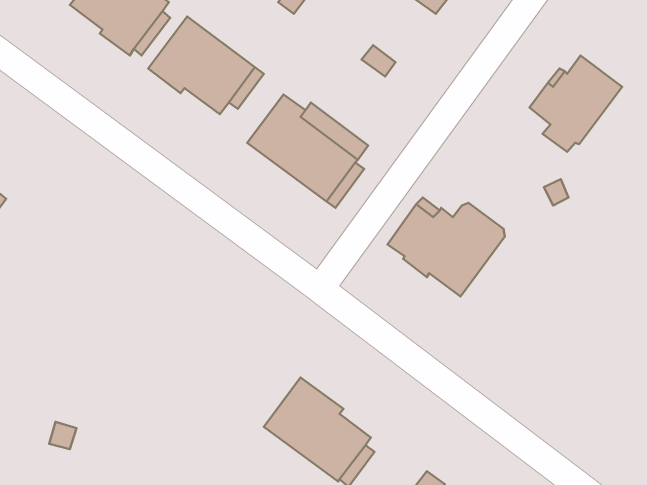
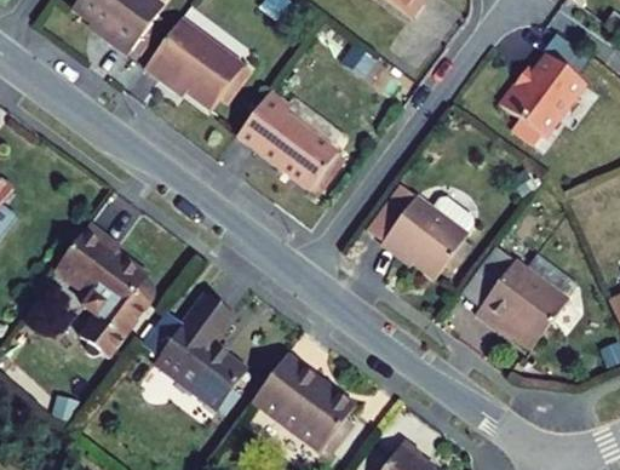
building: none -> [54,223,153,357]
building: none -> [475,259,568,349]
building: none -> [142,293,246,408]

